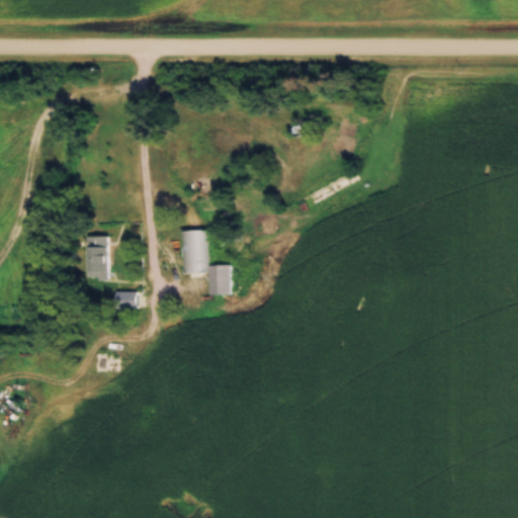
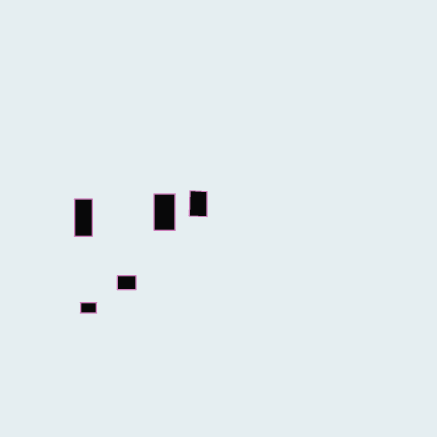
building: [209,265,231,295] -> [189,191,207,217]
building: [114,292,137,309] -> [117,276,136,290]

